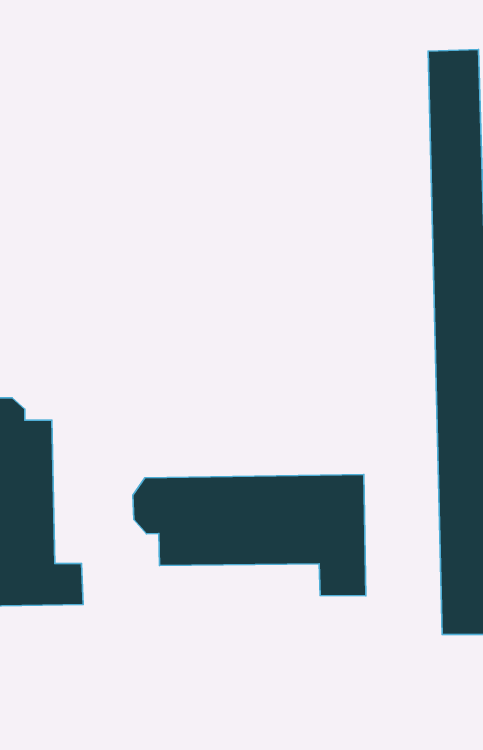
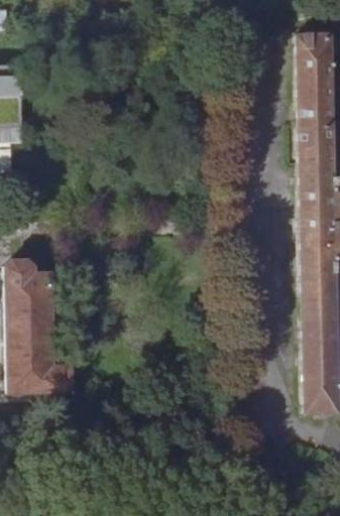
building: [133,474,366,596] -> none

